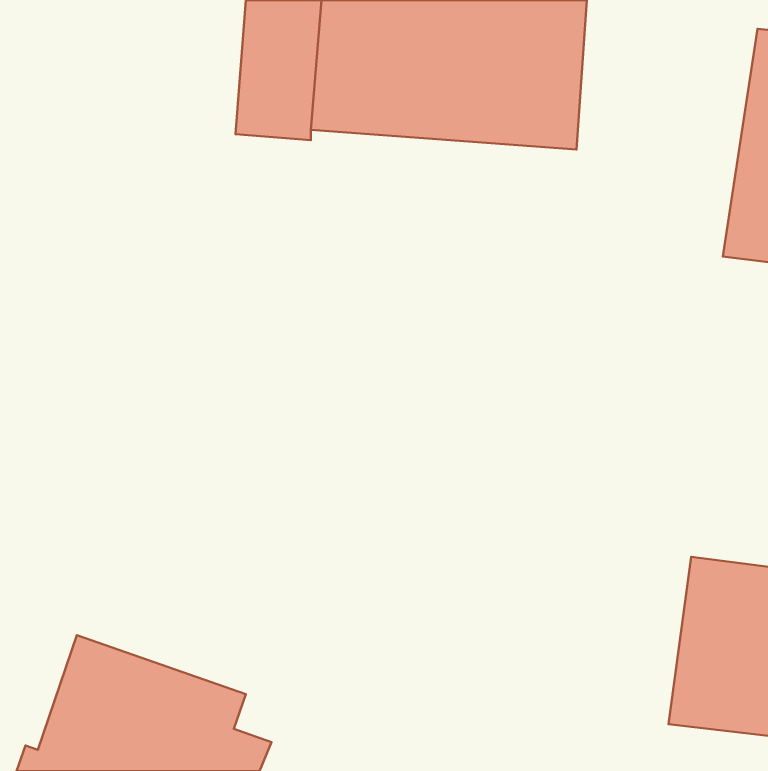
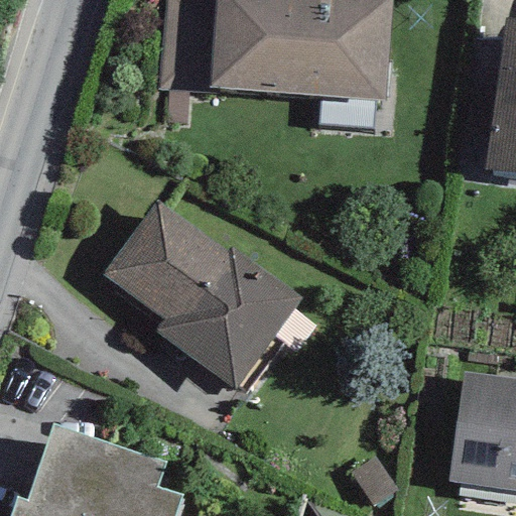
building: none -> [103,202,303,390]

